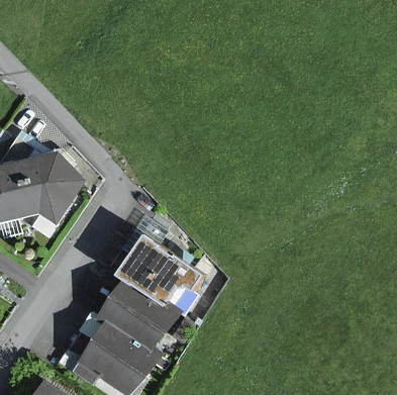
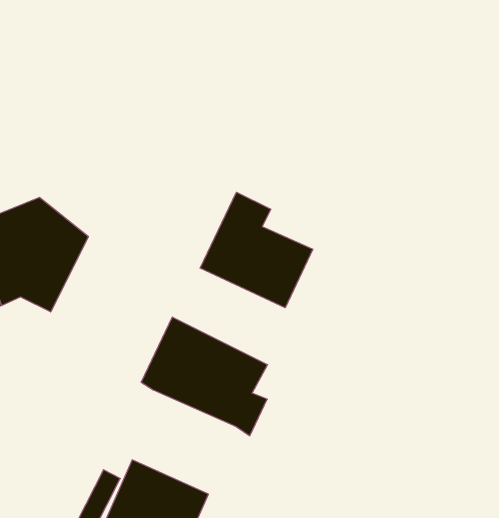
building: none -> [200,192,313,308]
building: [96,281,171,353] -> none

